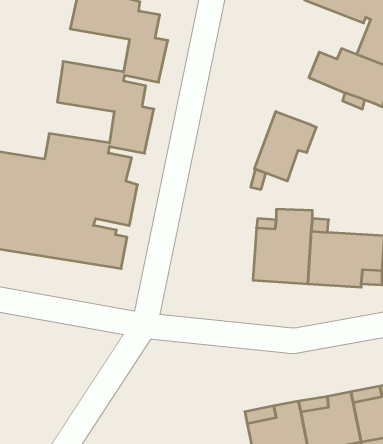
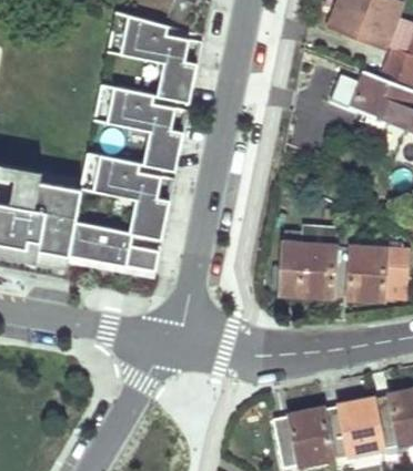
building: [254,111,316,181] -> none

